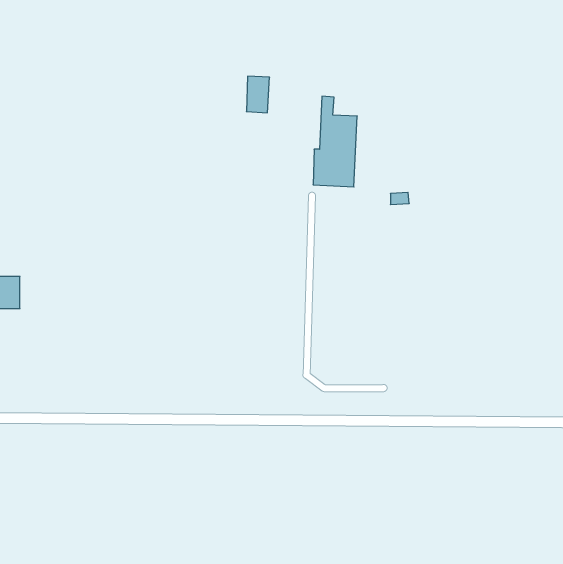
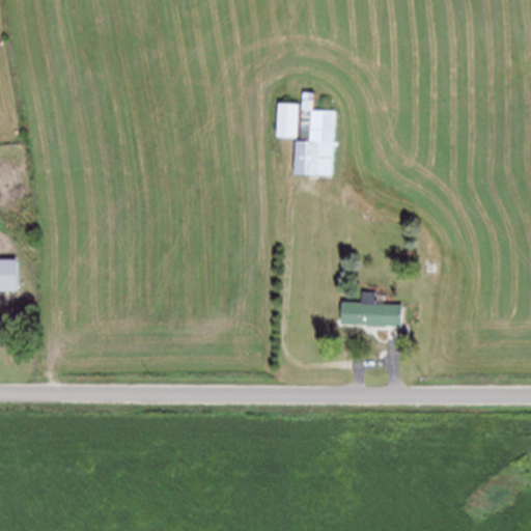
building: [246,76,270,113] -> [276,102,298,136]
building: none -> [342,291,400,326]

